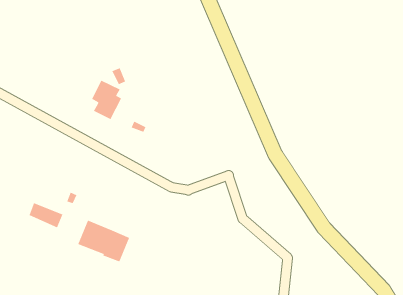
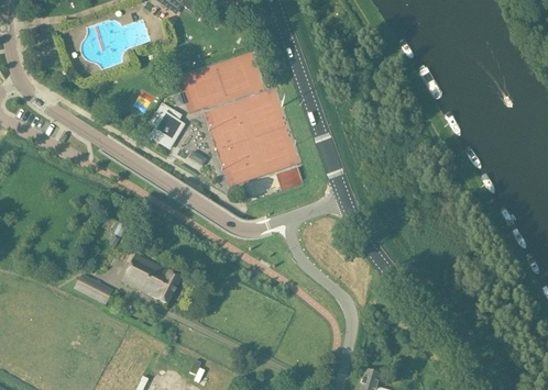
building: [28,202,64,229] -> [74,274,112,304]

